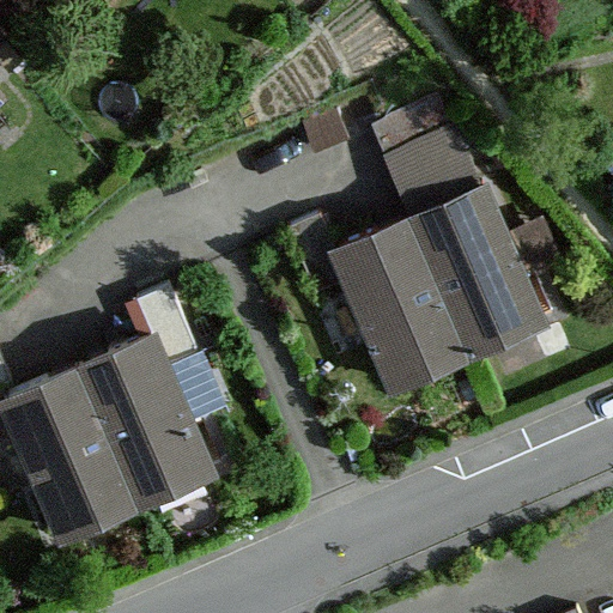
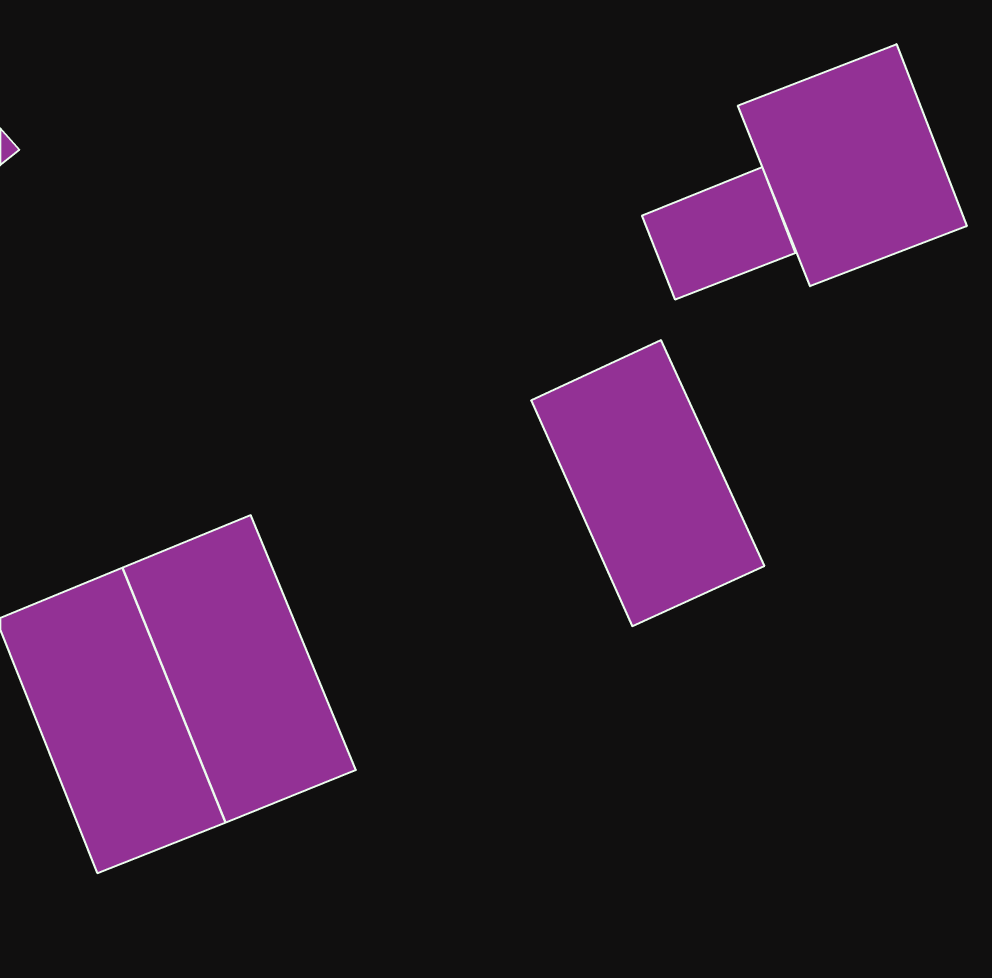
building: none -> [738,44,967,286]
building: [408,186,545,358] -> none

